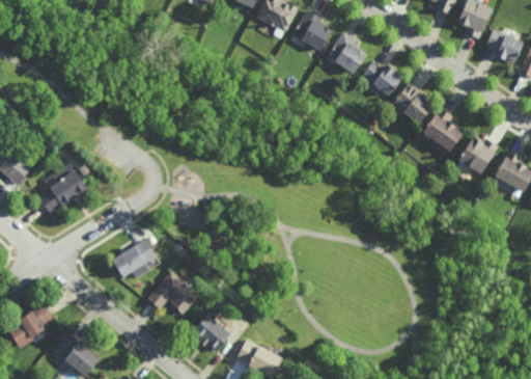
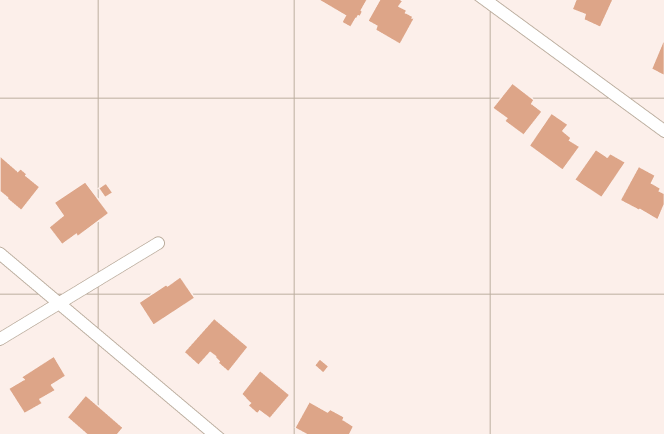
building: [486,29,524,64] -> none
building: [328,32,366,76] -> none
building: [362,62,402,98] -> none

